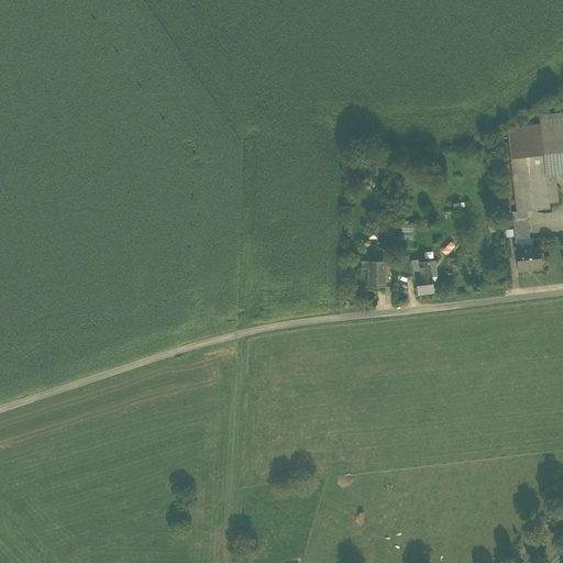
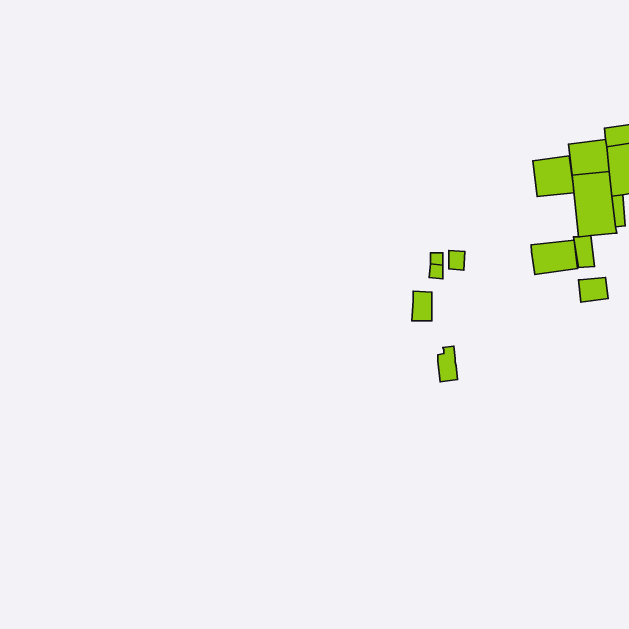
building: none -> [533,156,574,197]
building: none -> [531,240,577,274]
building: [417,262,434,294] -> [438,346,458,382]

